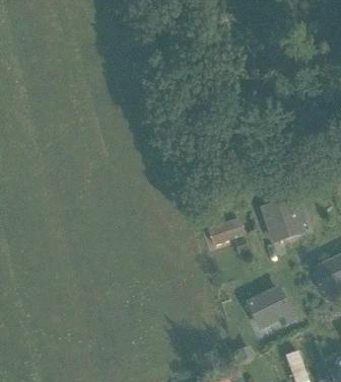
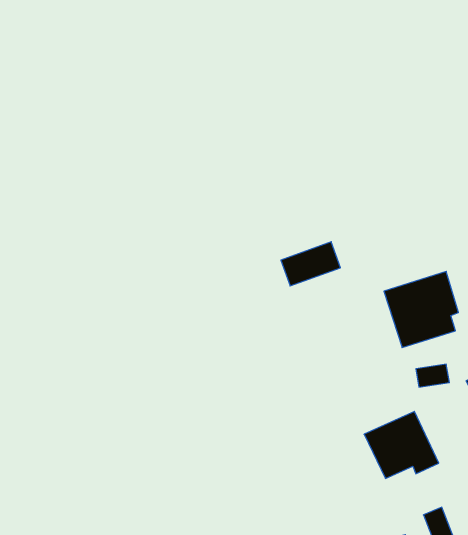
building: [205,217,245,246] -> [281,242,340,286]

